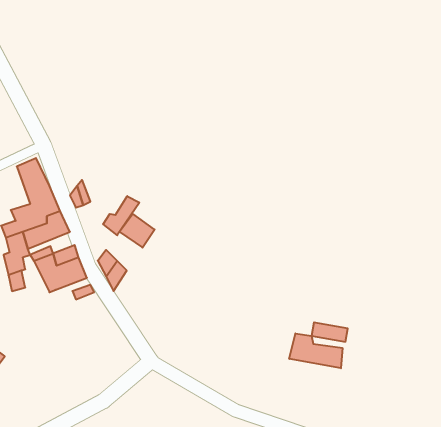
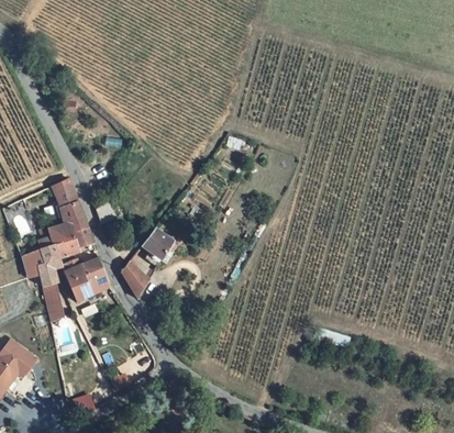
building: [103,196,139,235] -> none
building: none -> [44,280,65,324]
building: [289,333,342,368] -> none

